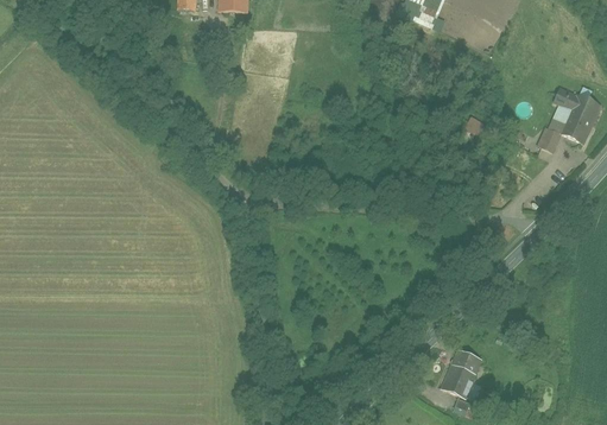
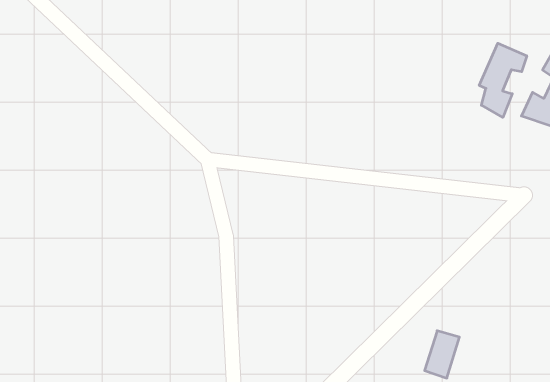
building: none -> [479,43,527,117]

